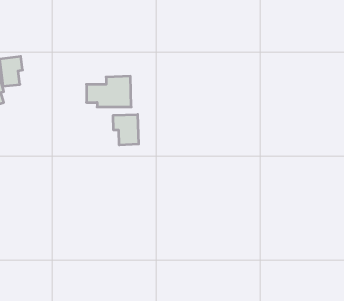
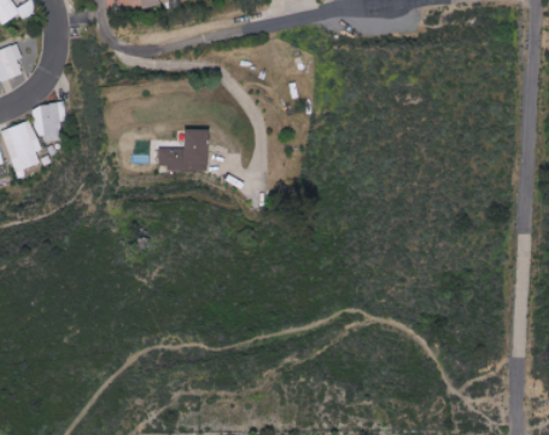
building: [113,114,139,145] -> none

